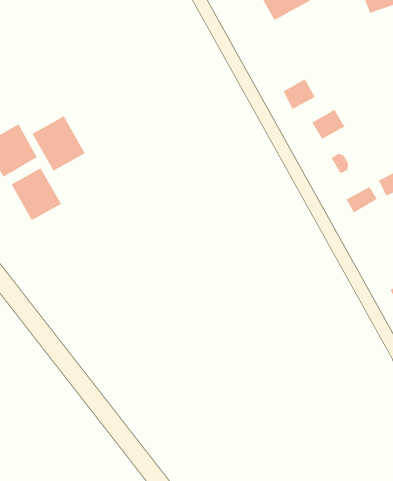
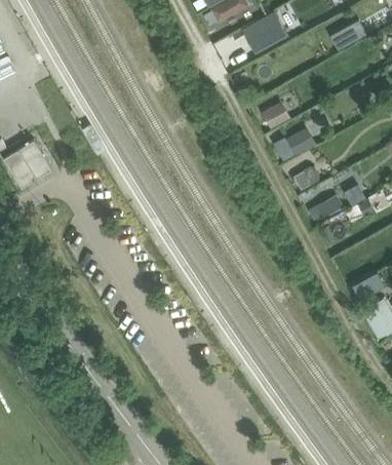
building: [32,115,86,172] -> none
building: [11,167,62,221] -> none

